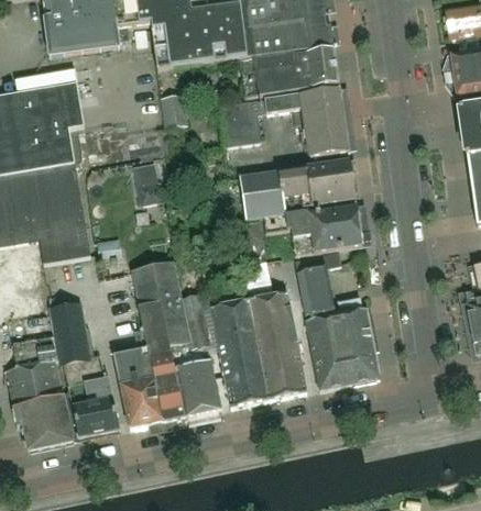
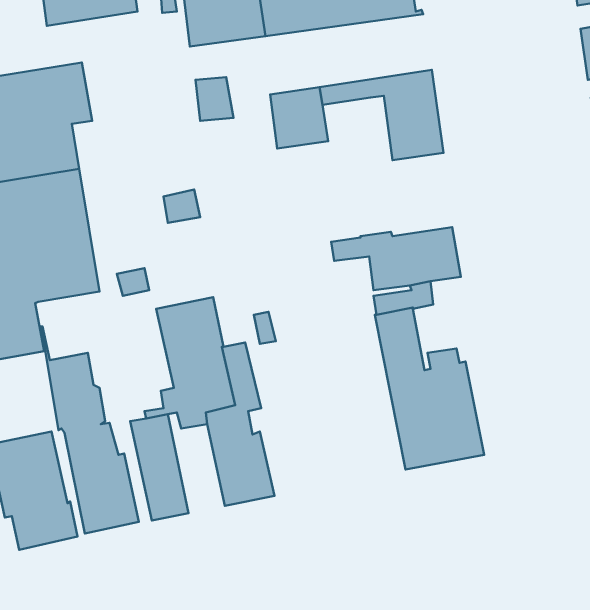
building: [239,46,337,96] -> none
building: [239,158,354,218] -> none
building: [211,291,306,404] -> none
building: [140,344,183,420] -> none

